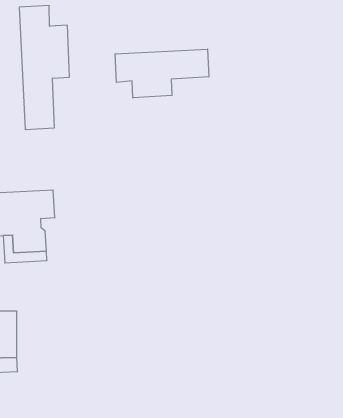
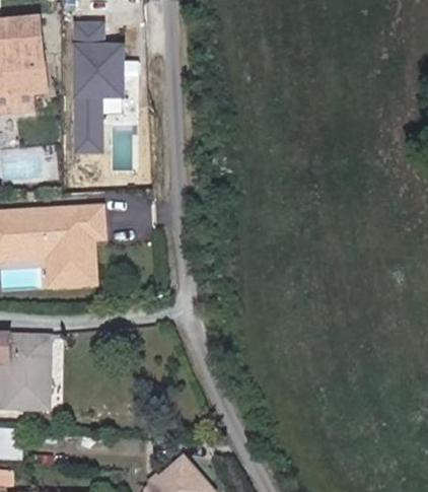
building: [115,49,209,98] -> none

